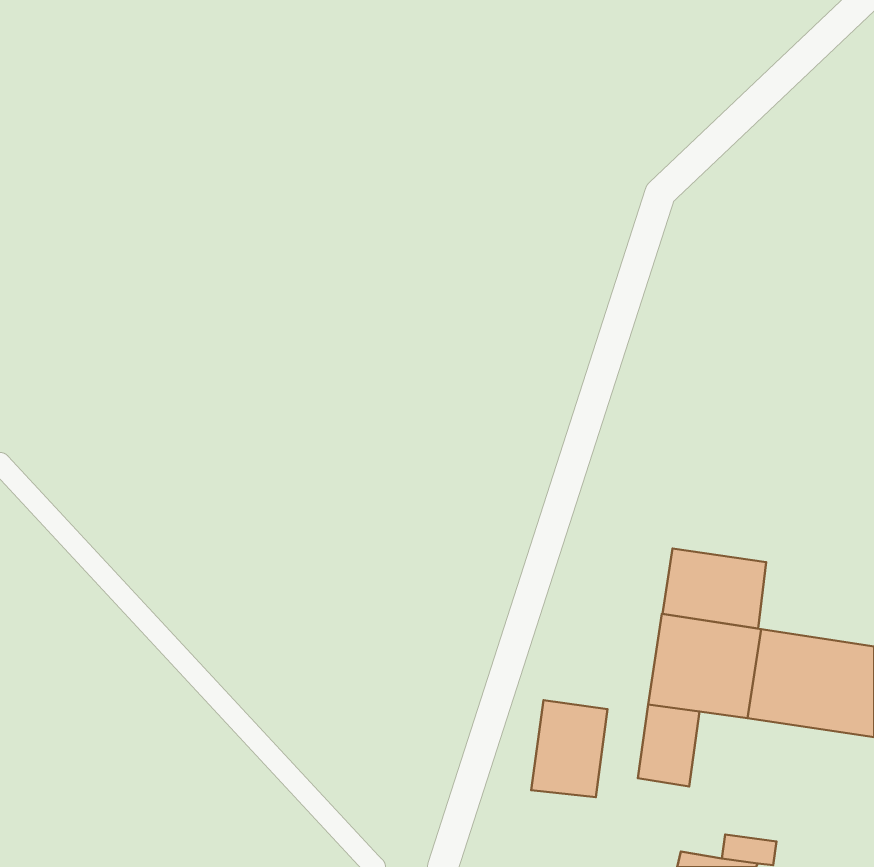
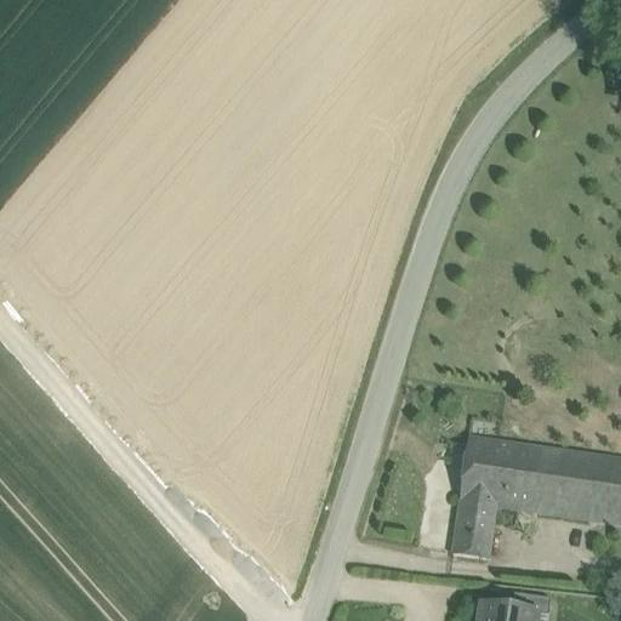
building: [662,548,766,628] -> none
building: [531,700,607,797] -> none

